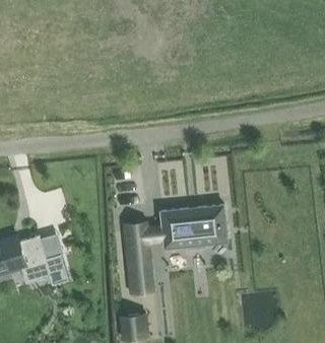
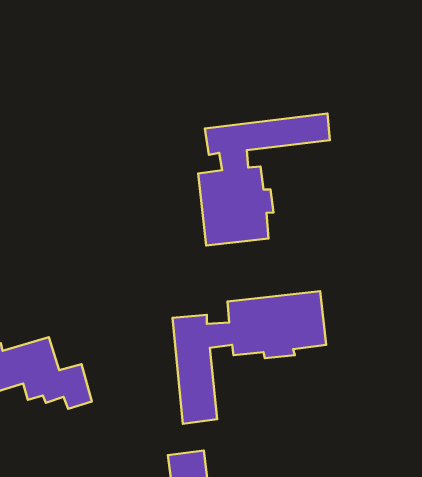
building: none -> [198,113,330,246]

